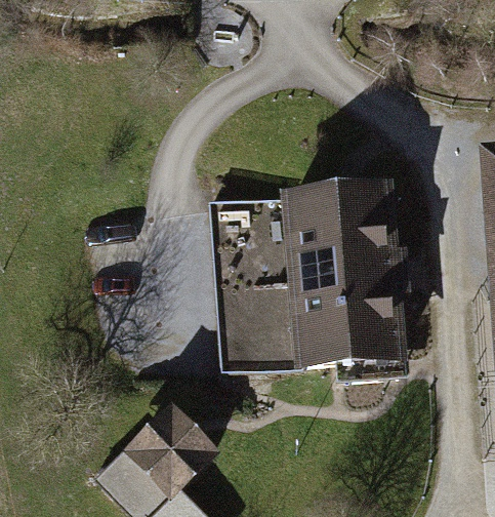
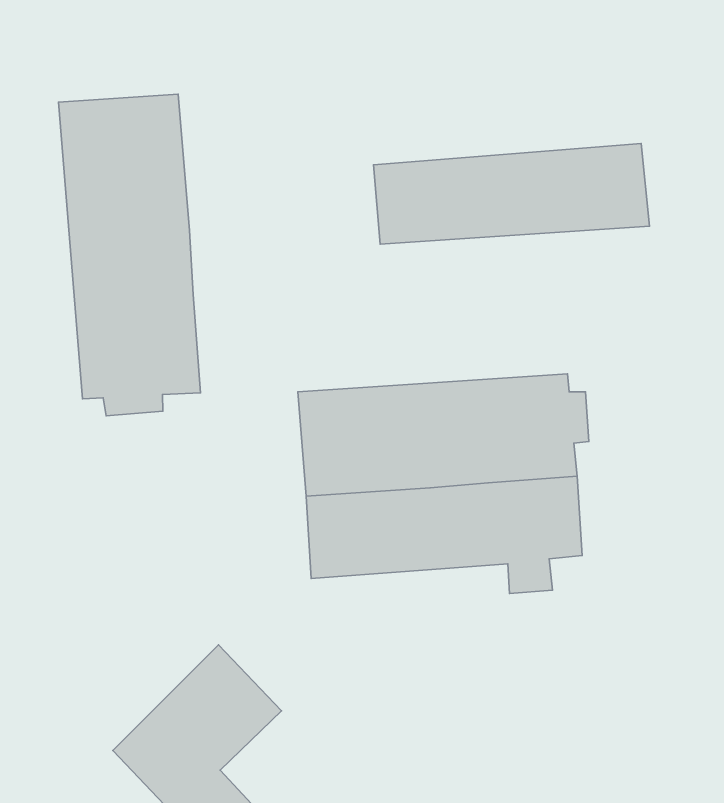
building: none -> [59,94,201,416]
building: [216,190,387,252] -> [373,143,649,244]

